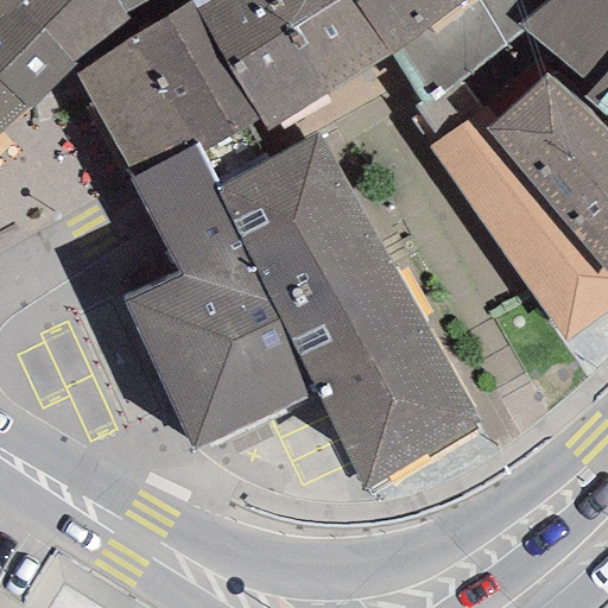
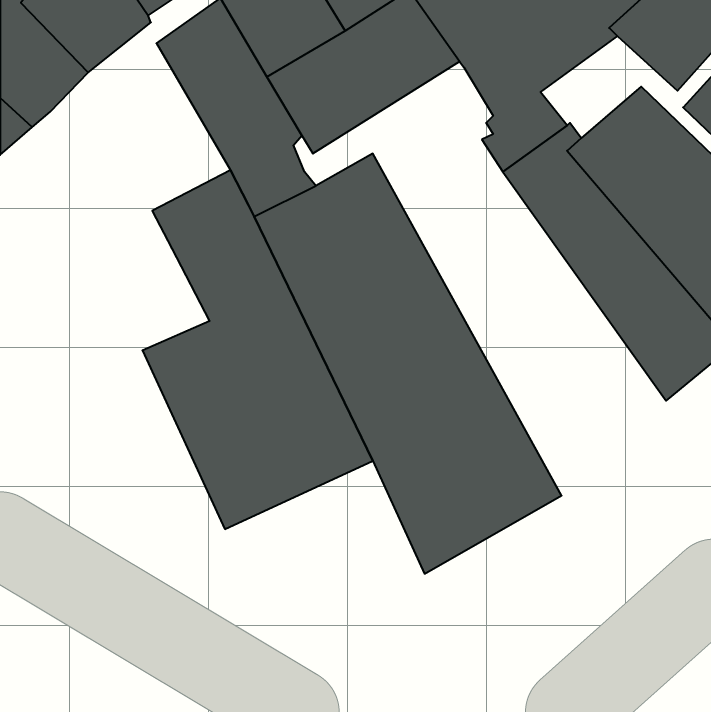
building: [77,37,198,179] -> none

